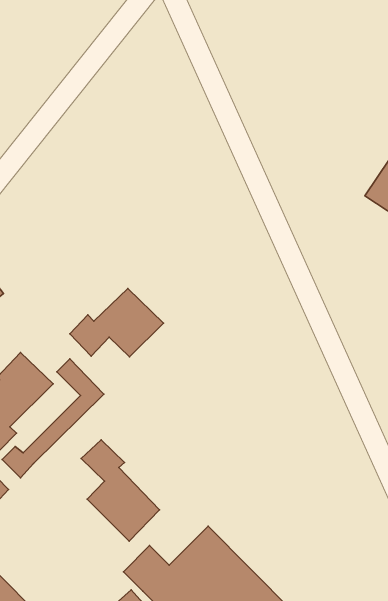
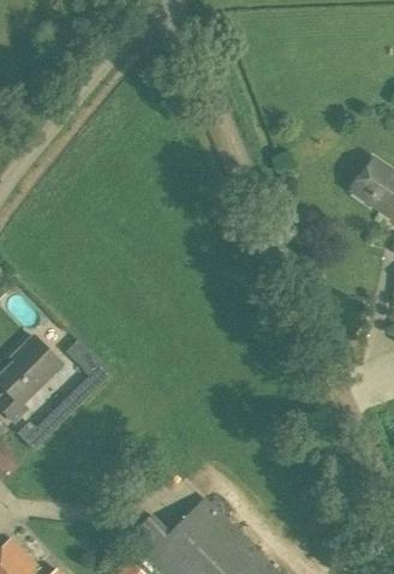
building: [70,289,163,357] -> none
building: [81,440,160,541] -> none

